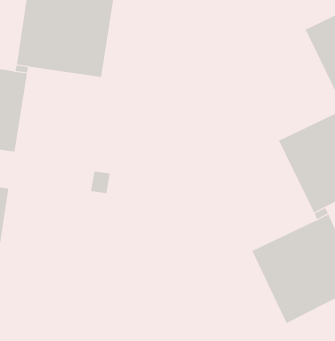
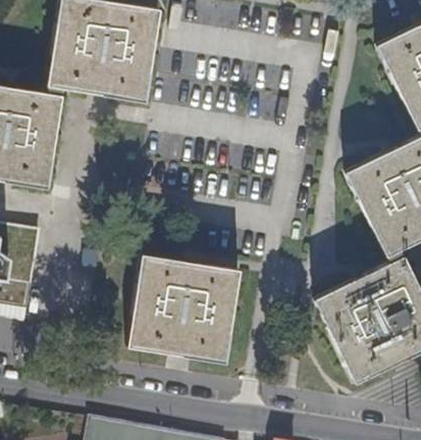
building: none -> [128,254,239,361]

